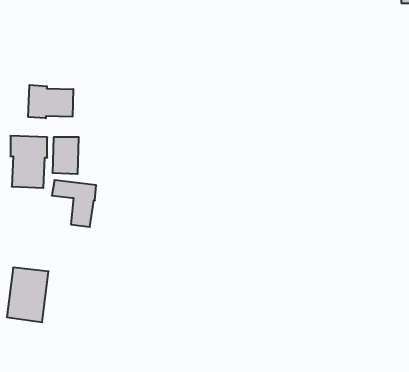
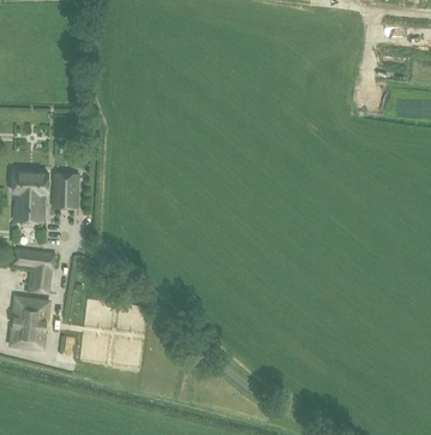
building: [28,85,73,118] -> none
building: [52,180,96,227] -> [13,248,55,292]

